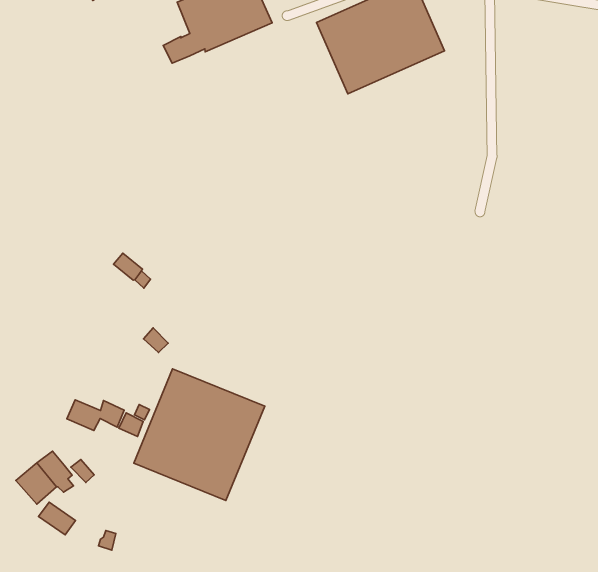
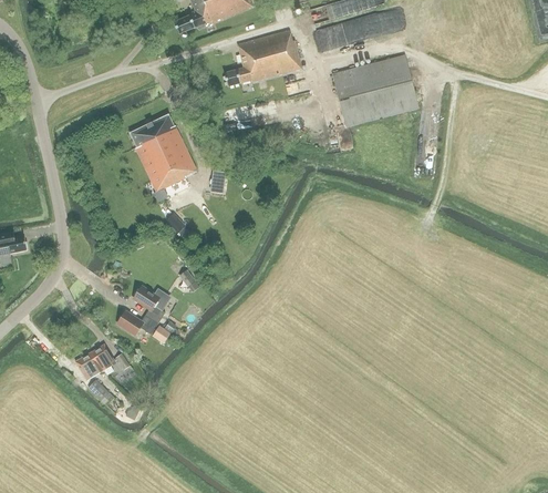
building: none -> [130,113,196,191]
building: none -> [133,285,168,322]
building: [134,369,265,501] -> none

